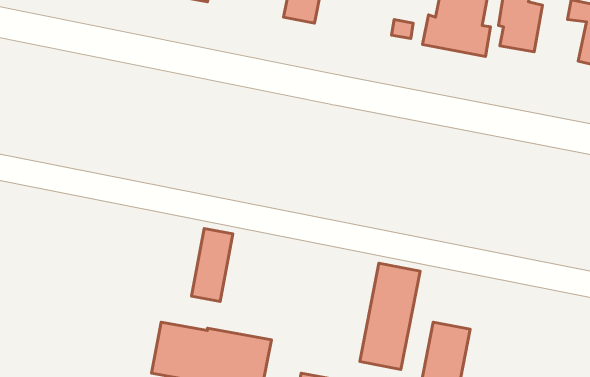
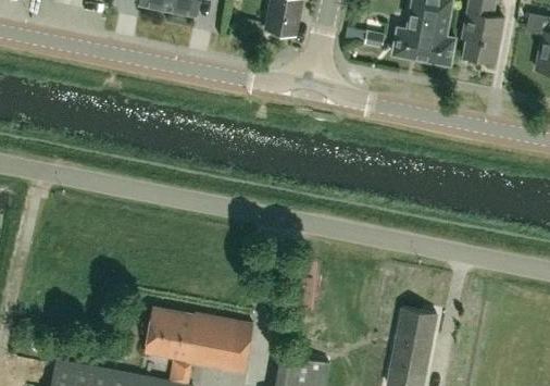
building: [191,228,233,302] -> none
building: [360,263,420,370] -> none

